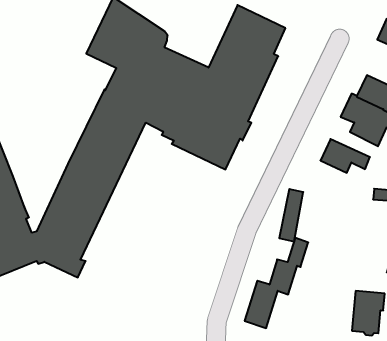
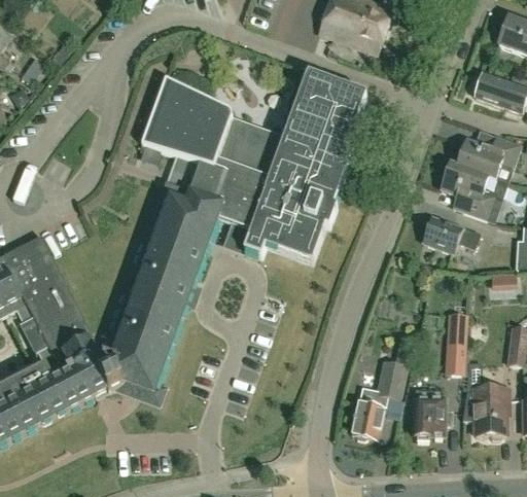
building: [279,189,303,241] -> [448,318,470,378]
building: none -> [412,389,451,439]

